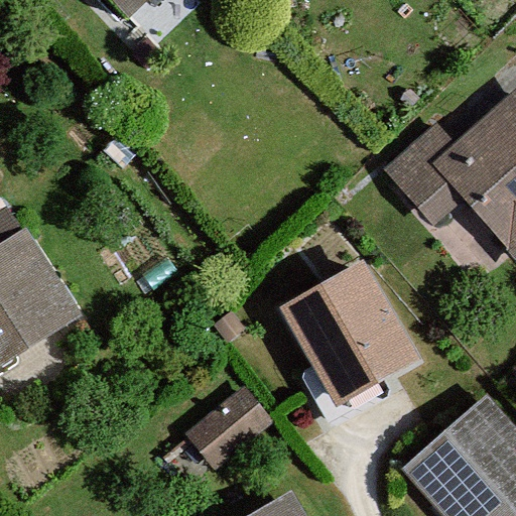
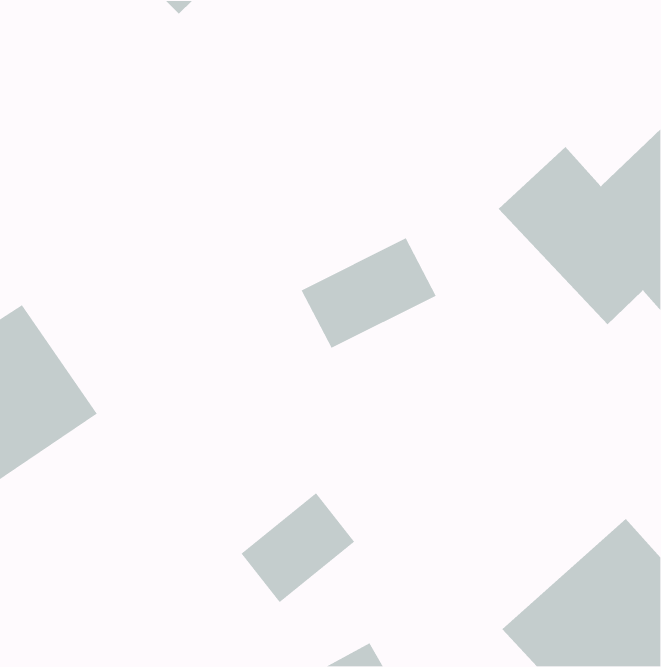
building: none -> [301,237,437,349]
building: [292,256,430,405] -> none

